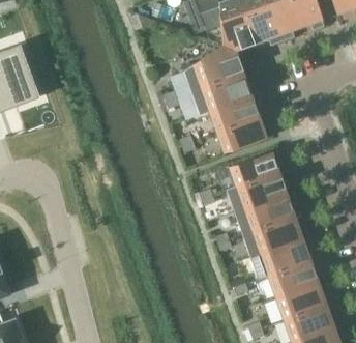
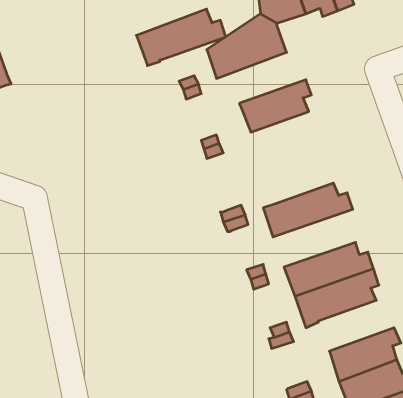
building: [190,74,258,116] -> [136,9,226,66]
building: [216,118,272,153] -> none
building: [228,150,281,188] -> none
building: [233,192,297,235] -> none
building: [267,260,324,298] -> none

